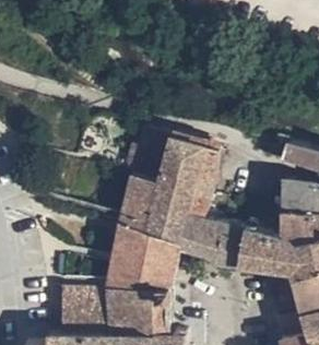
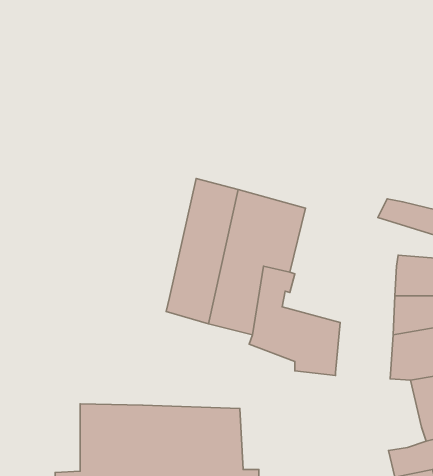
building: [105,224,181,292] -> none
building: [239,231,280,271] -> none

